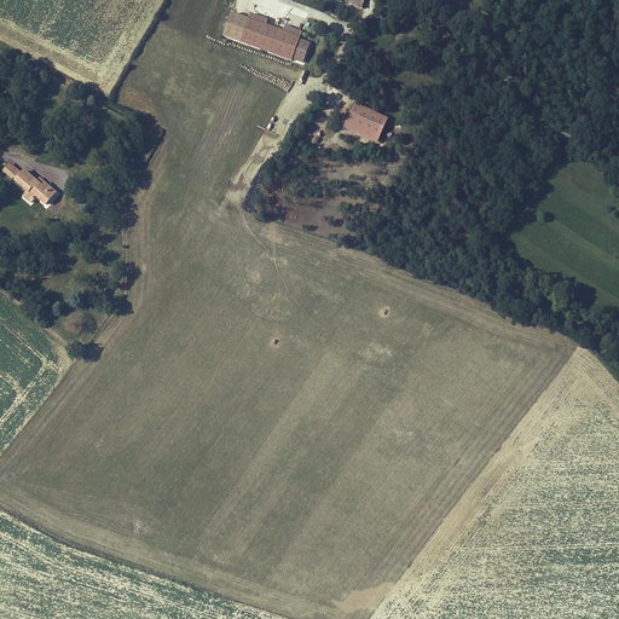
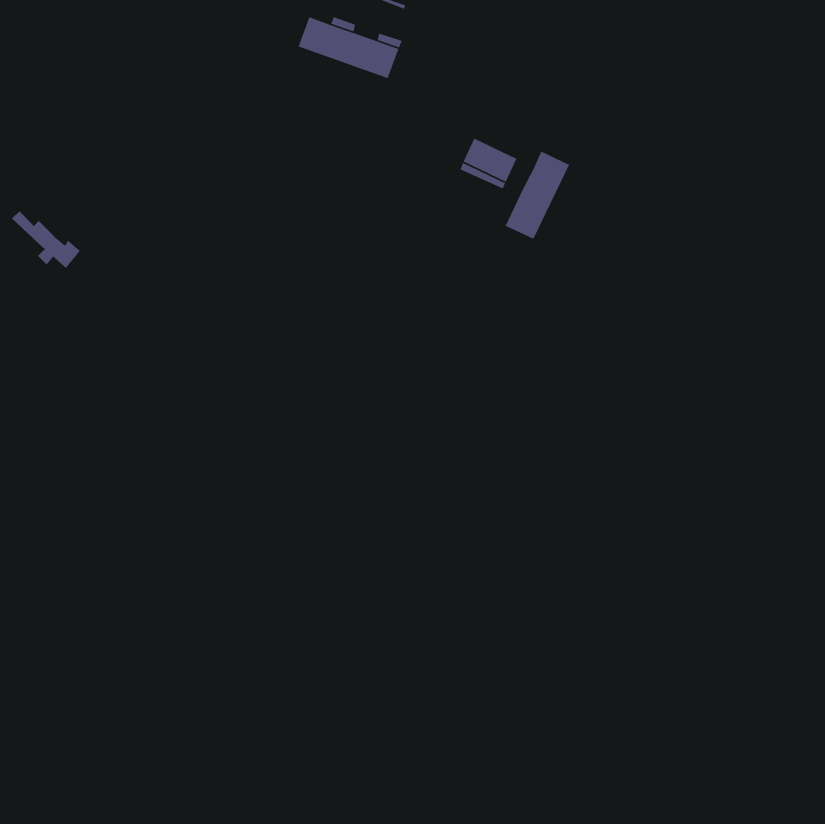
building: none -> [504,150,570,240]

